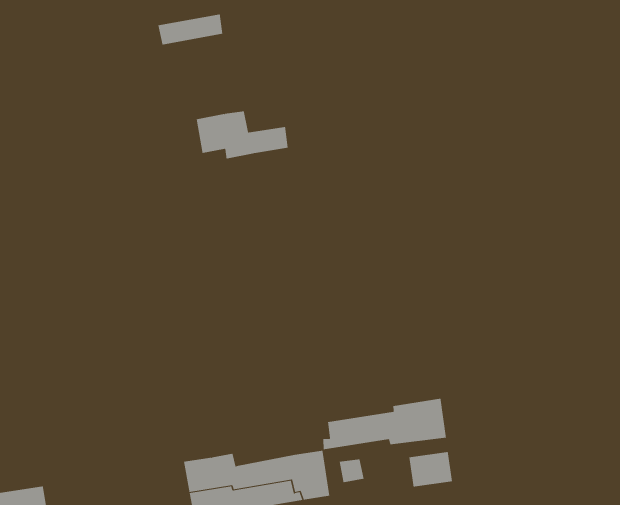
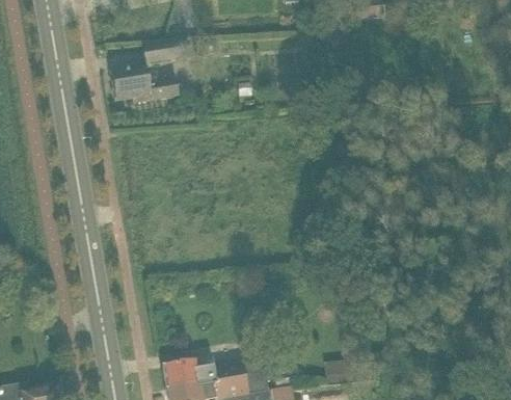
building: [196,111,289,159] -> [110,66,178,102]
building: [323,398,447,450] -> none

